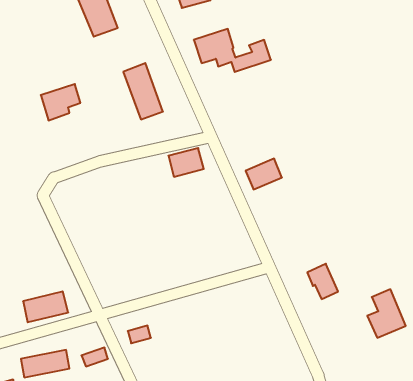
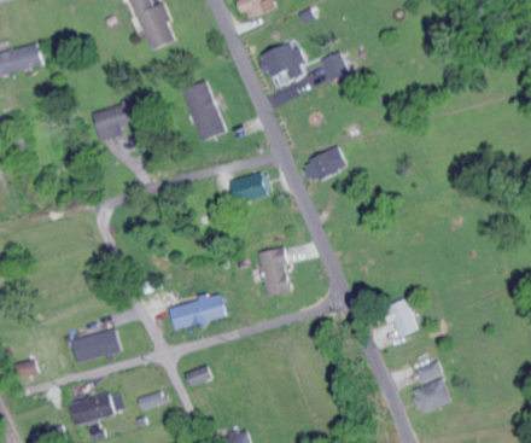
building: [246,159,282,189] -> [299,150,339,183]
building: none -> [256,246,290,296]
building: none -> [168,295,227,328]
building: [367,289,406,338] -> [409,361,451,414]

